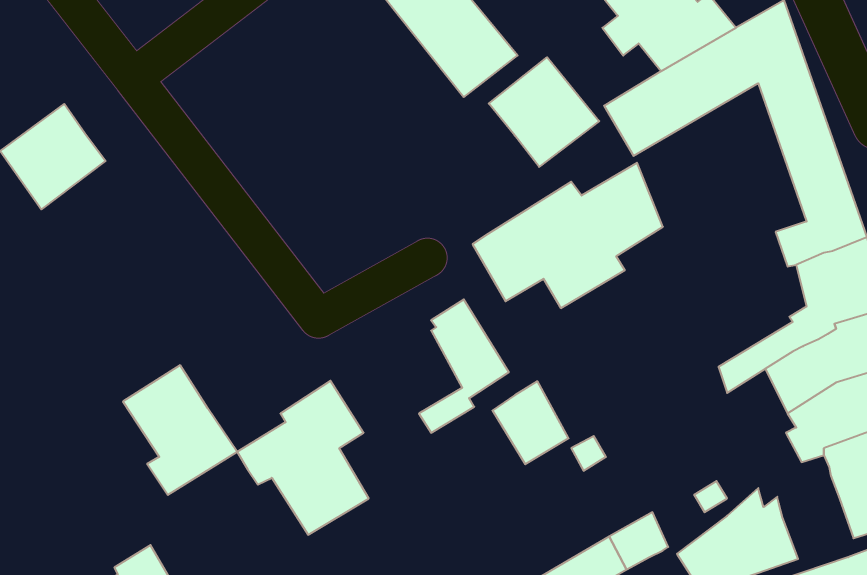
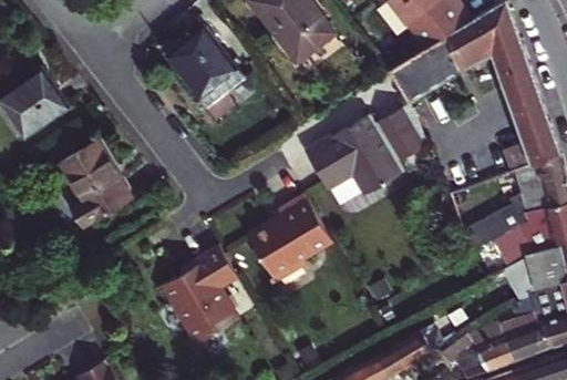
building: none -> [171,29,239,97]
building: [489,57,599,167] -> none
building: [123,365,237,495] -> [63,142,136,225]
building: [492,381,569,464] -> [250,213,299,266]
building: none -> [502,300,549,359]

